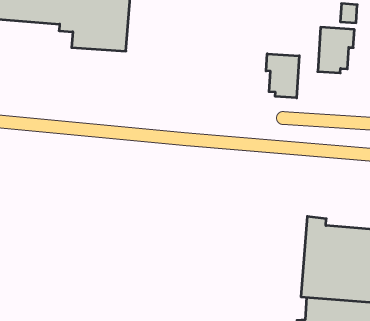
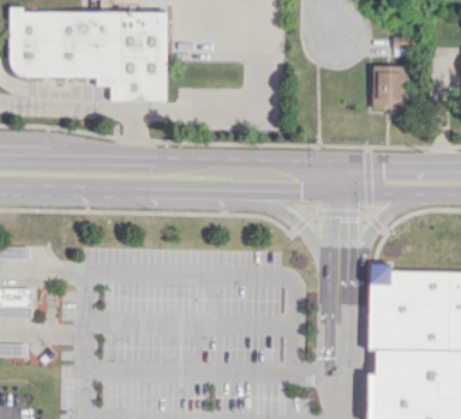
building: [266,54,299,98] -> none

